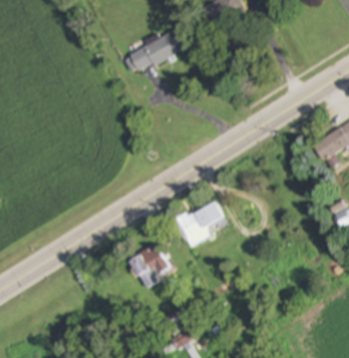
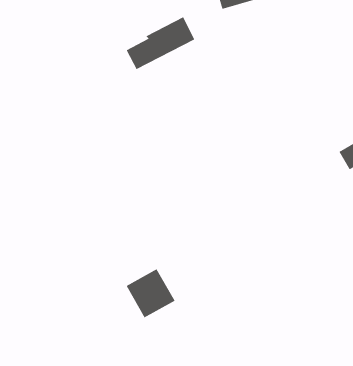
building: [174,202,222,248] -> none

